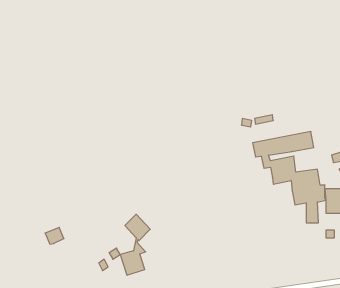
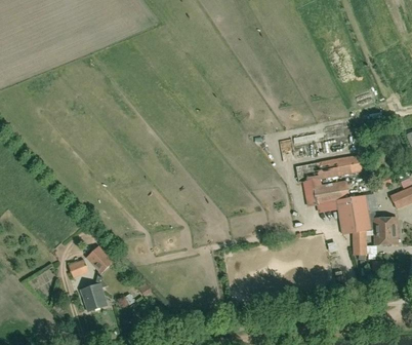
building: [120,214,150,275] -> [81,244,114,311]

